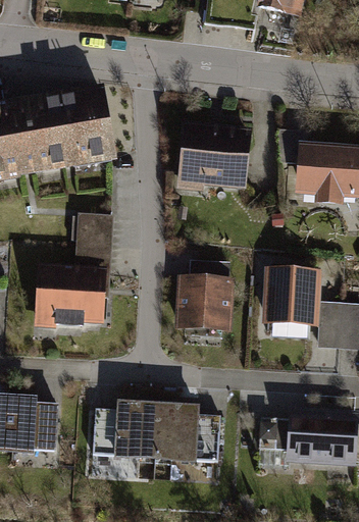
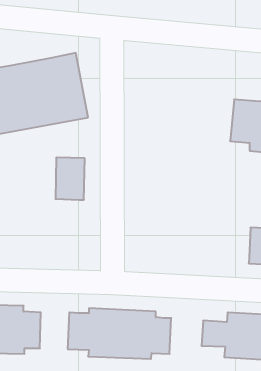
building: [174,116,249,192] -> none
building: [38,262,104,325] -> none
building: [263,267,319,327] -> none
building: [172,273,234,332] -> none

